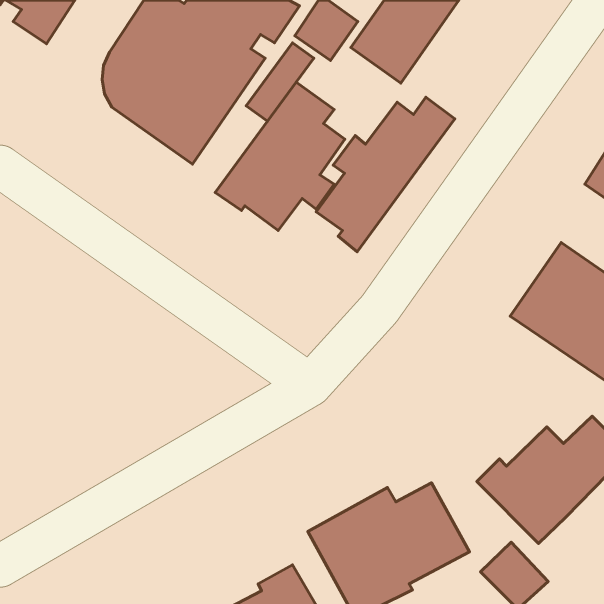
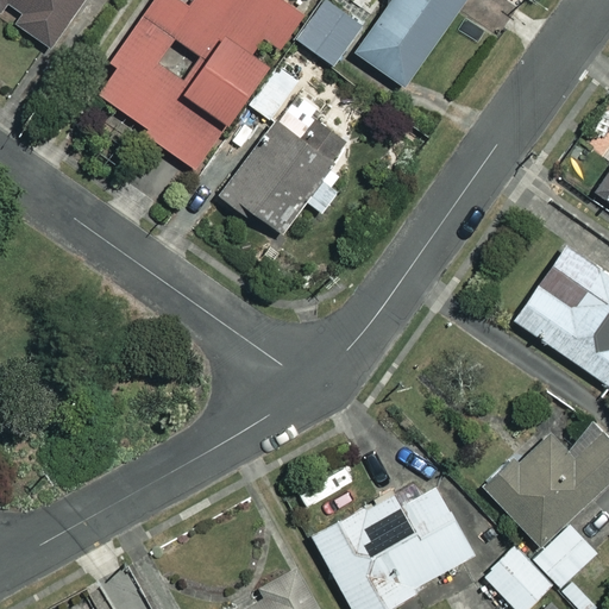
building: [316,97,455,252] -> none
building: none -> [534,521,598,585]

